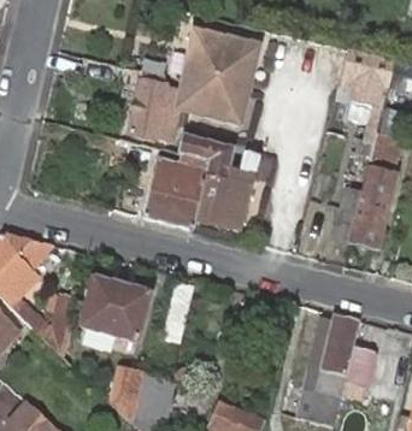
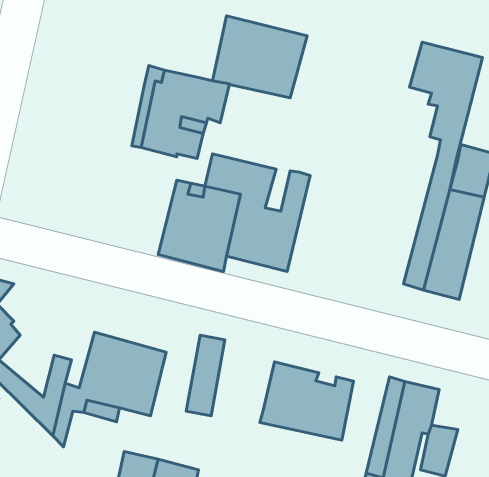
building: [192,83,246,124] -> none
building: none -> [260,362,353,440]

